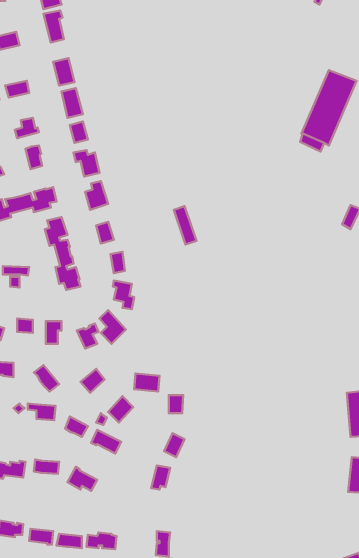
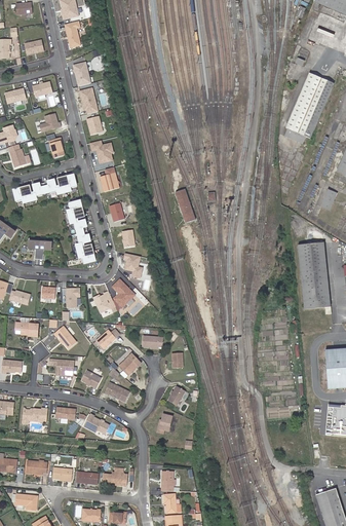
building: none -> [297,241,328,307]

